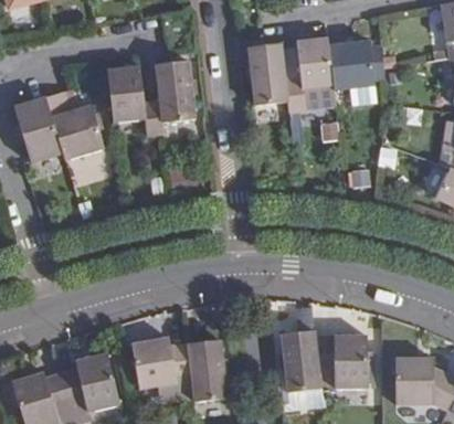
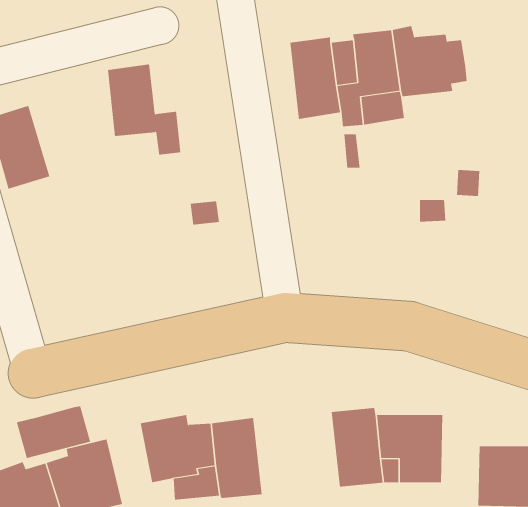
building: [157,60,196,123] -> none
building: [46,89,104,159] -> none
building: none -> [16,405,91,459]

